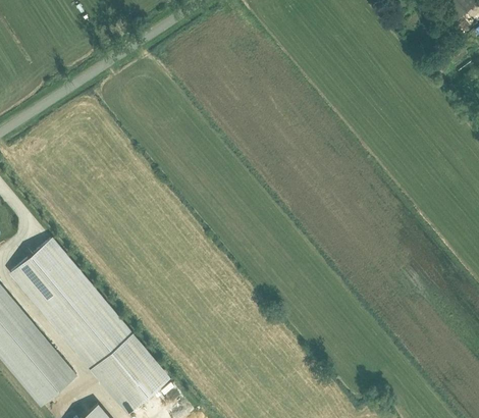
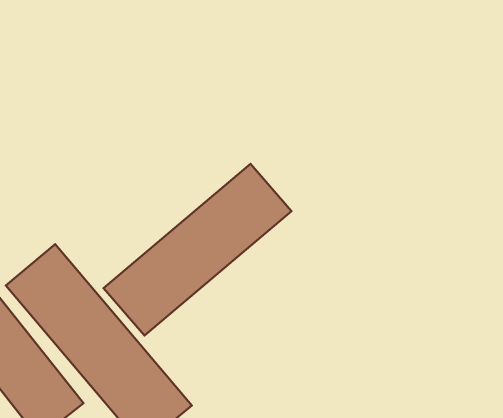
building: none -> [104,164,291,336]

